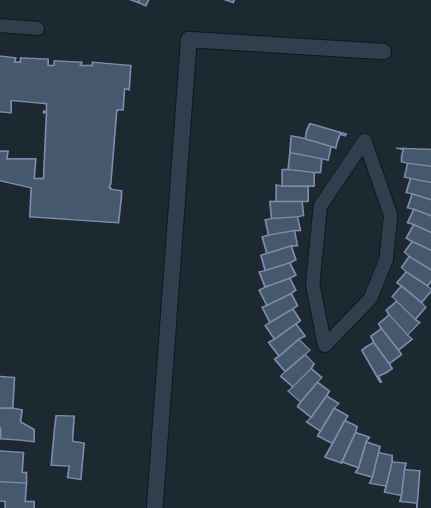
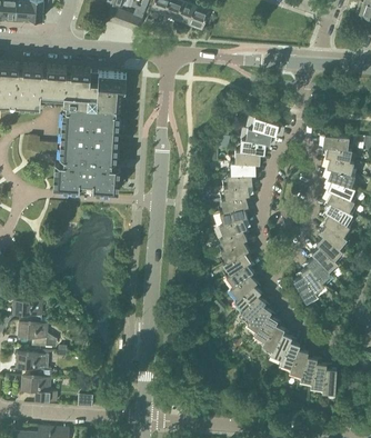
building: [51,415,84,480] -> none

